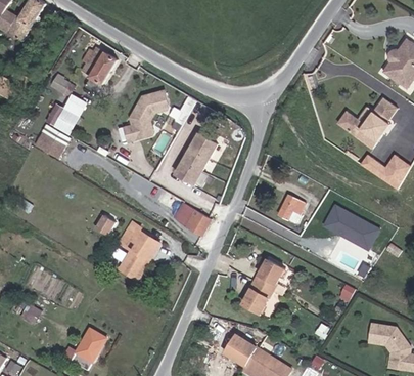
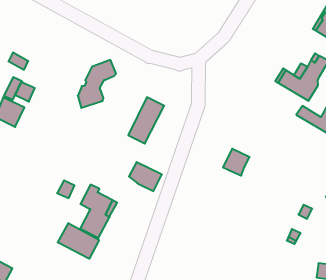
building: [80,45,118,91] -> none
building: [322,202,379,248] -> none
building: [241,261,284,316] -> none
building: none -> [58,223,99,259]

